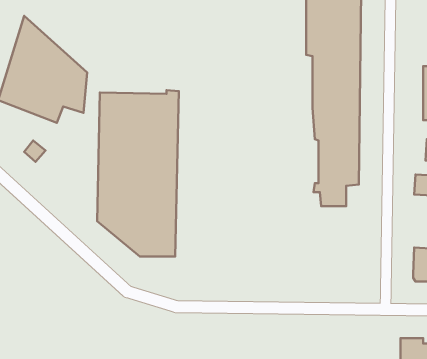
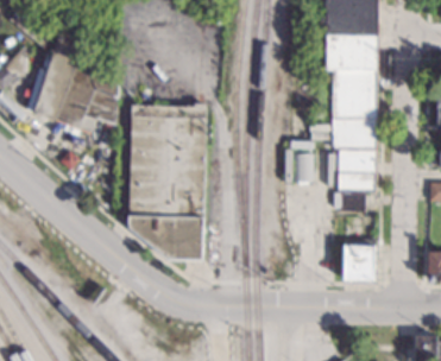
building: none -> [292,152,314,180]
building: none -> [344,245,374,280]

